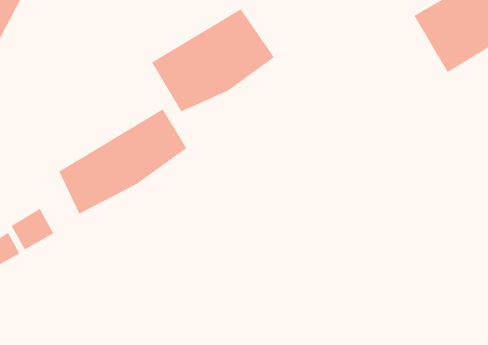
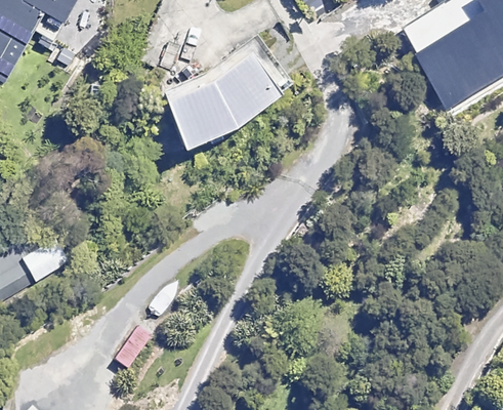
building: [58,109,187,215] -> none

